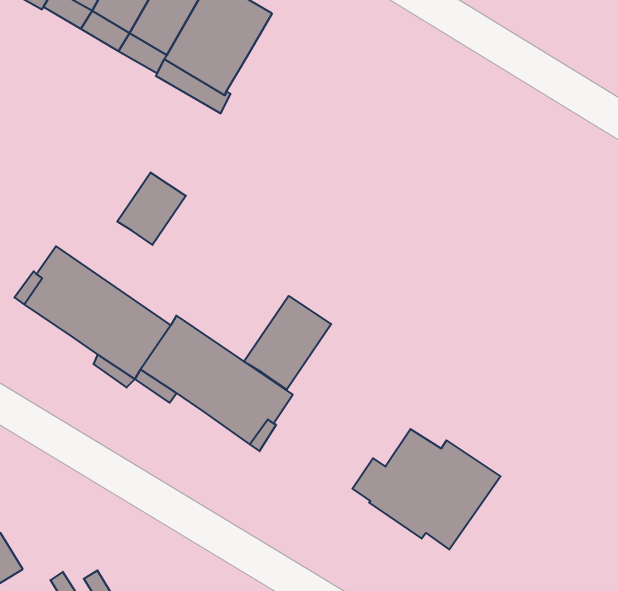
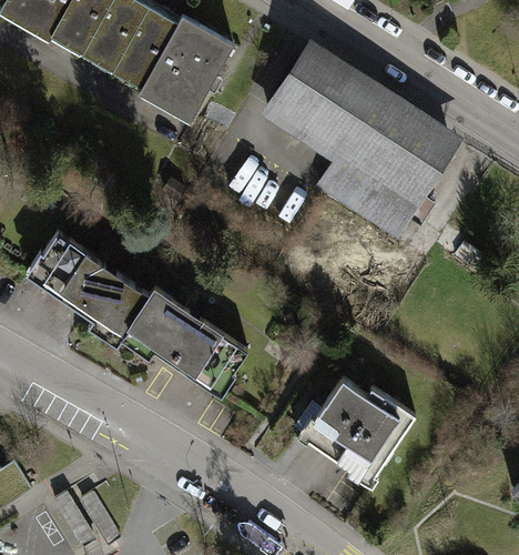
building: none -> [266,50,450,233]
building: [117,172,186,245] -> none
building: [244,296,331,390] -> none

